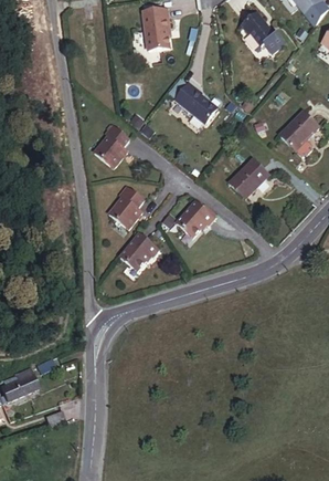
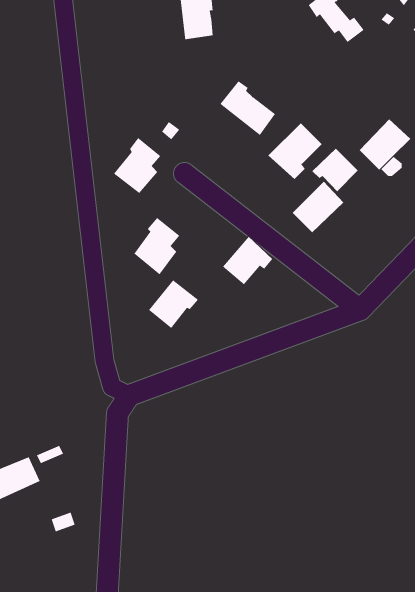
building: none -> [268,122,323,180]
building: none -> [312,148,359,192]

